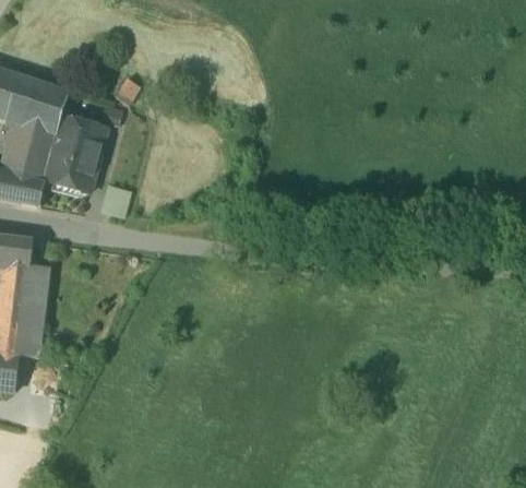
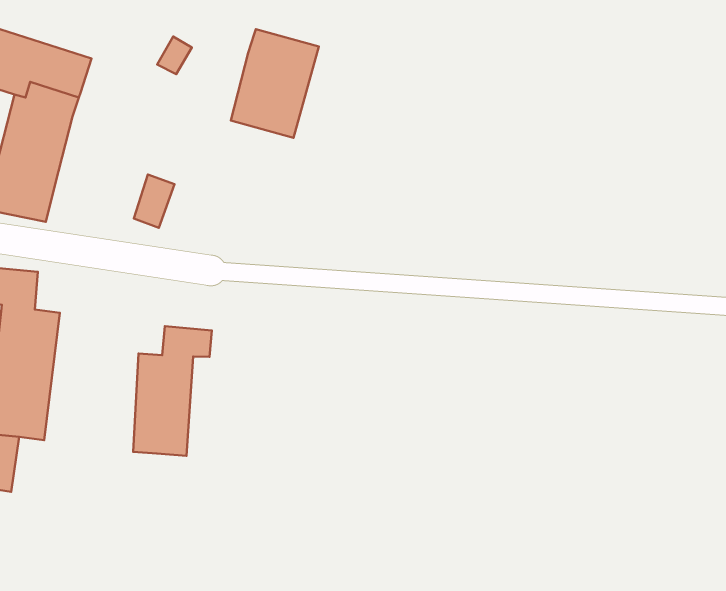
building: [44,115,105,190] -> [231,29,319,138]
building: none -> [133,326,212,456]

